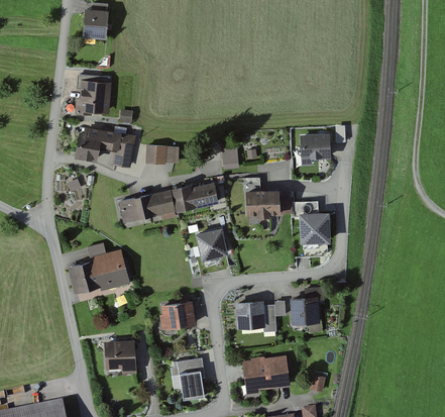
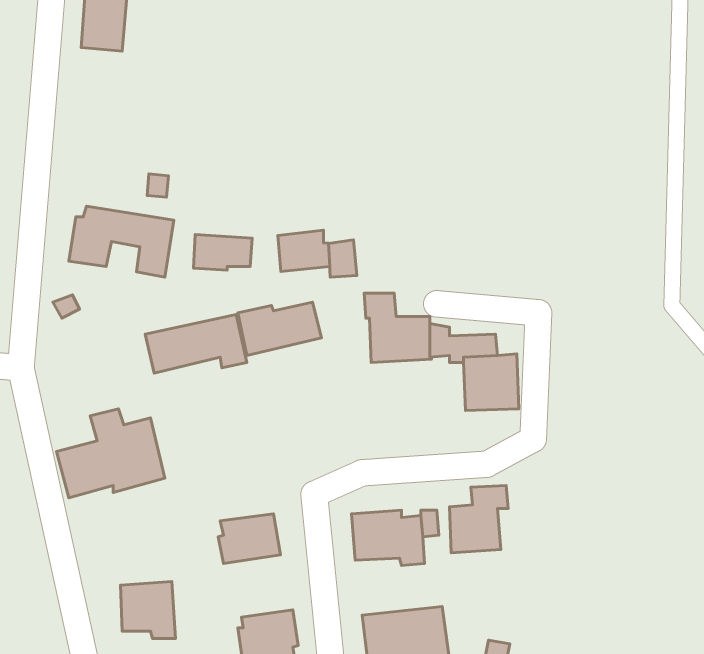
building: [75,73,111,114] -> none
building: [300,133,330,165] -> none
building: none -> [278,230,330,271]
building: [195,227,227,259] -> none

